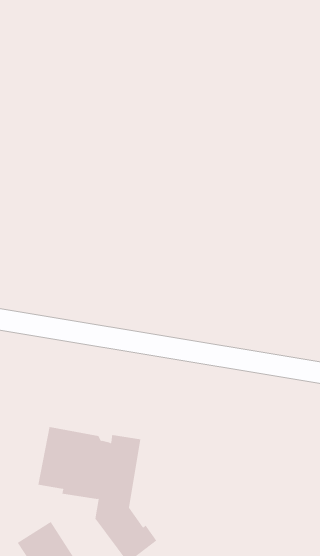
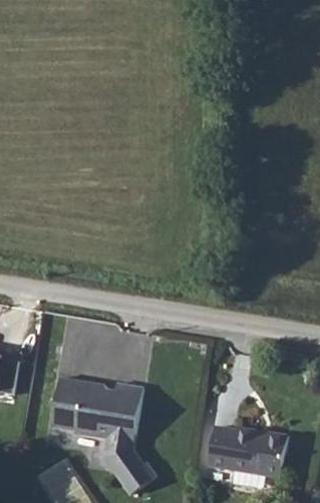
building: none -> [209,426,289,478]

